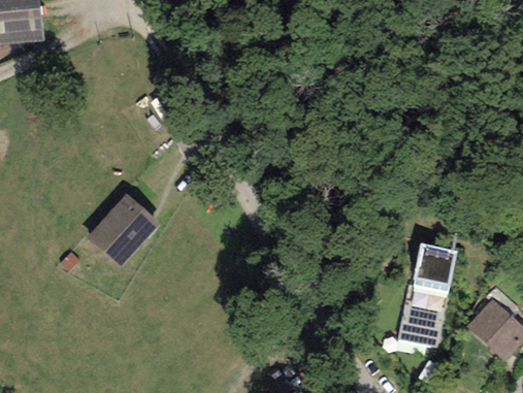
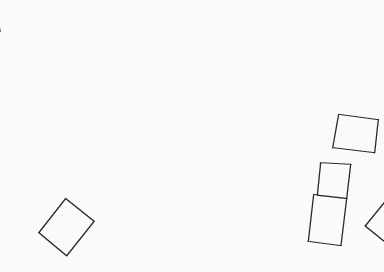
building: none -> [333,114,378,153]
building: [89,195,158,265] -> [39,198,94,256]

